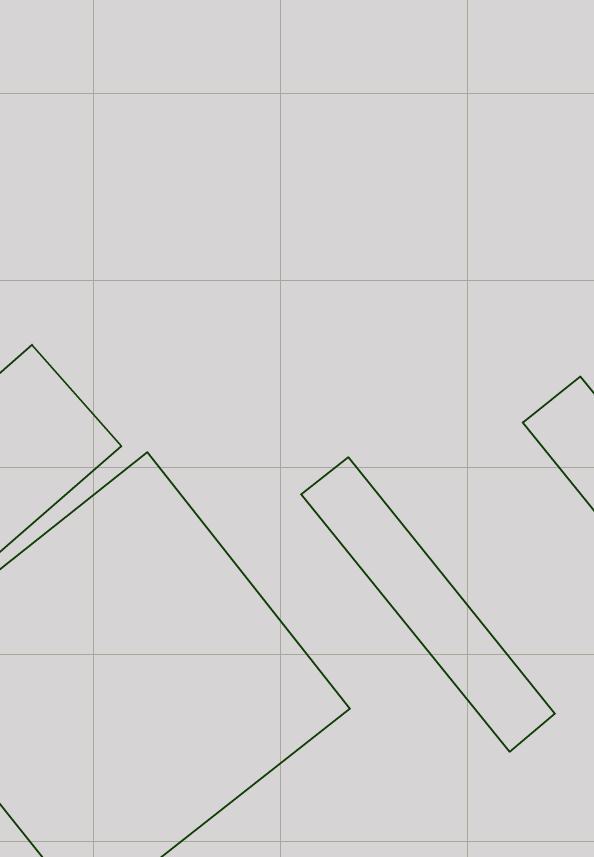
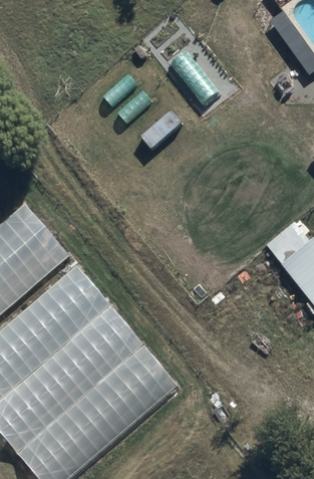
building: [301,457,555,752] -> none

